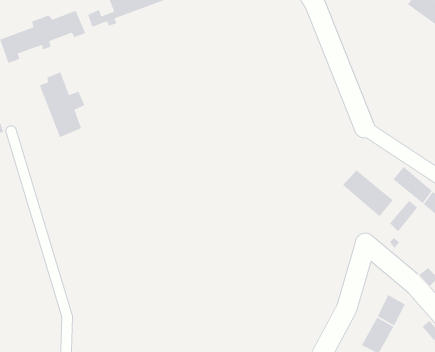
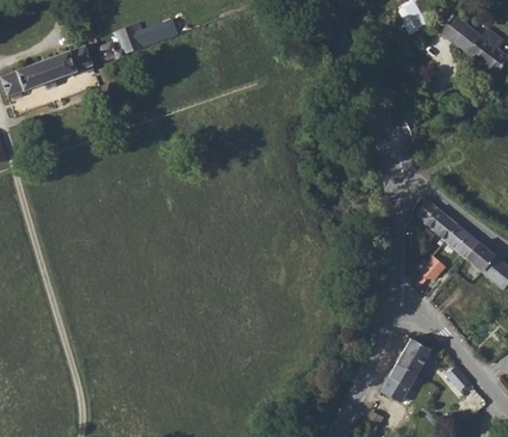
building: [39,71,86,138] -> none
building: [342,169,394,217] -> none

